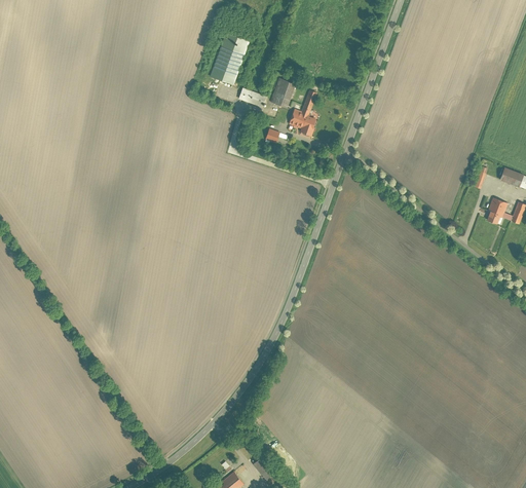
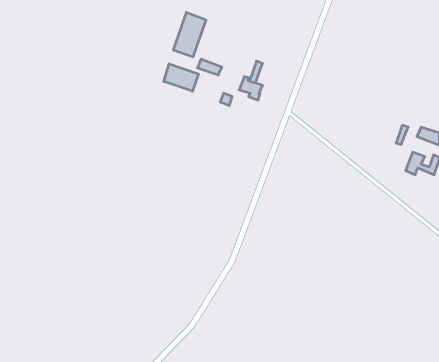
building: [271,78,296,108] -> none
building: none -> [164,64,198,91]

